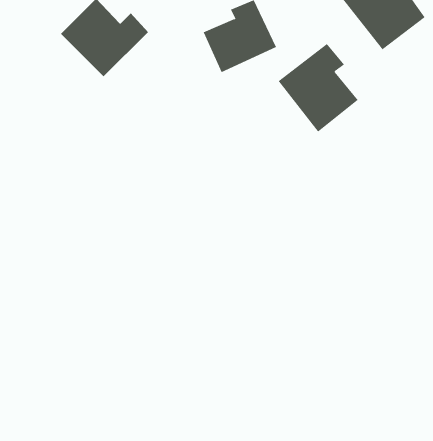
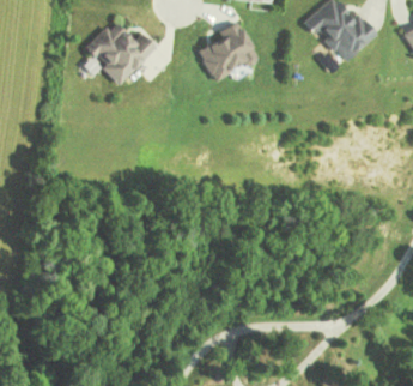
building: [278,43,359,133] -> none

